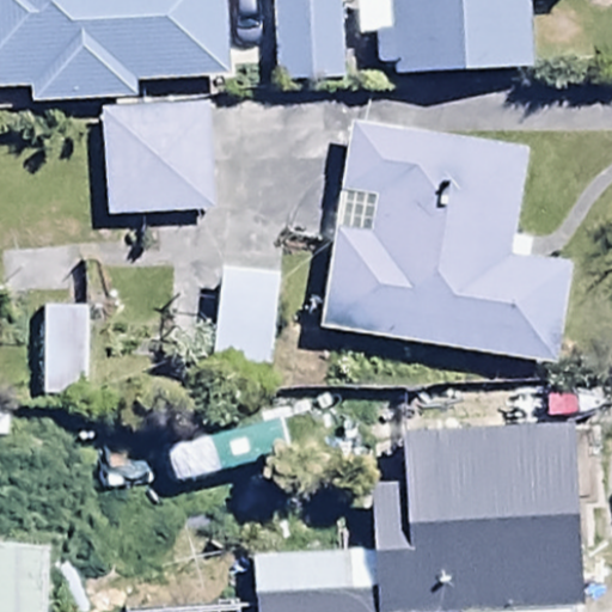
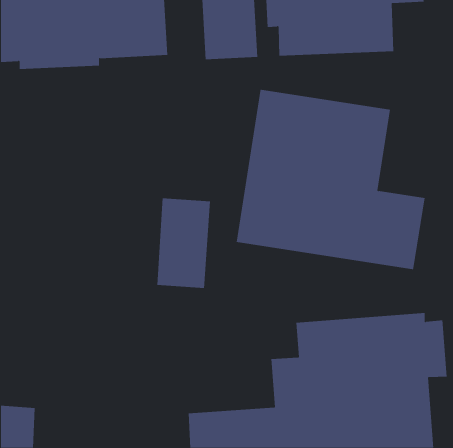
building: [100,102,214,215] -> none

